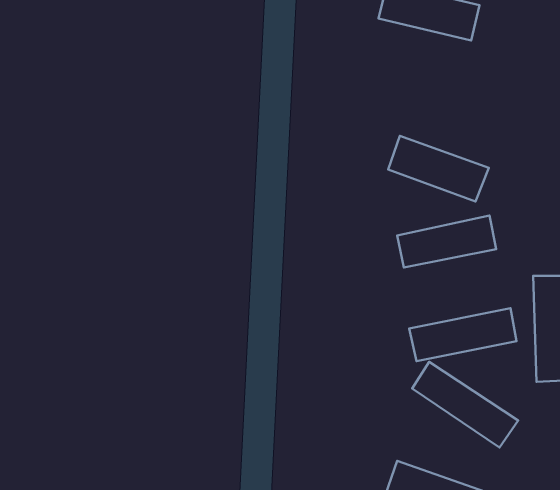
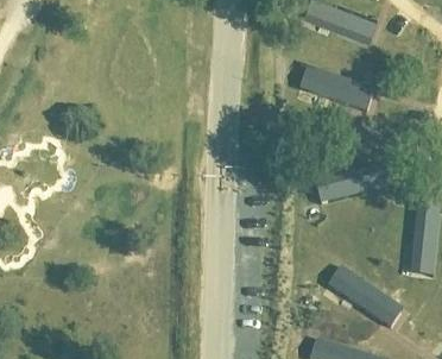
building: [388,136,489,202] -> [302,63,373,109]
building: [409,308,516,361] -> none

